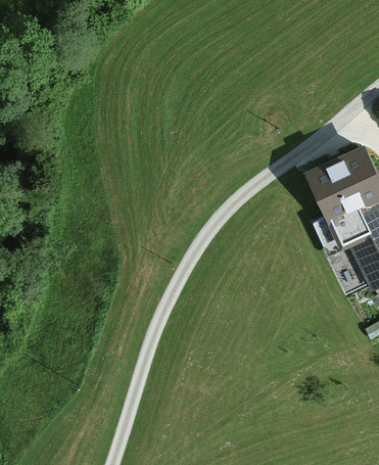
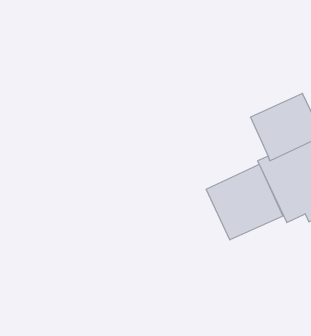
building: none -> [206,164,283,240]

